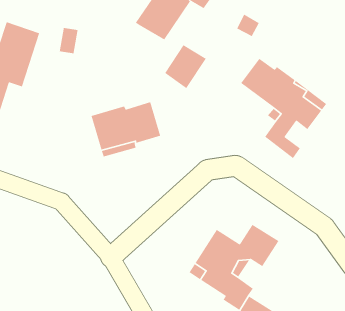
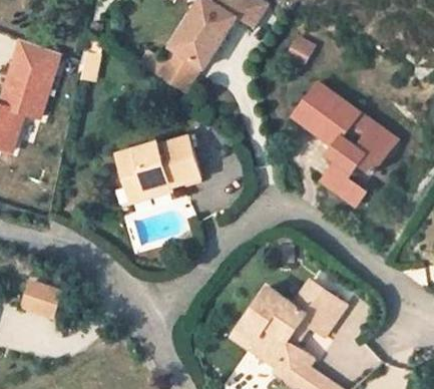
building: [164,44,207,89] -> [151,47,201,100]
building: none -> [24,279,60,314]

